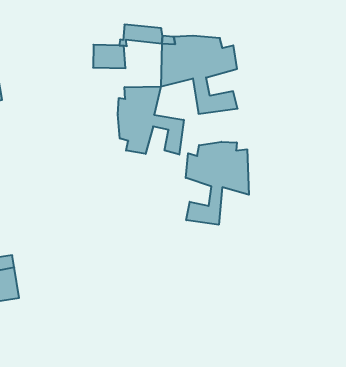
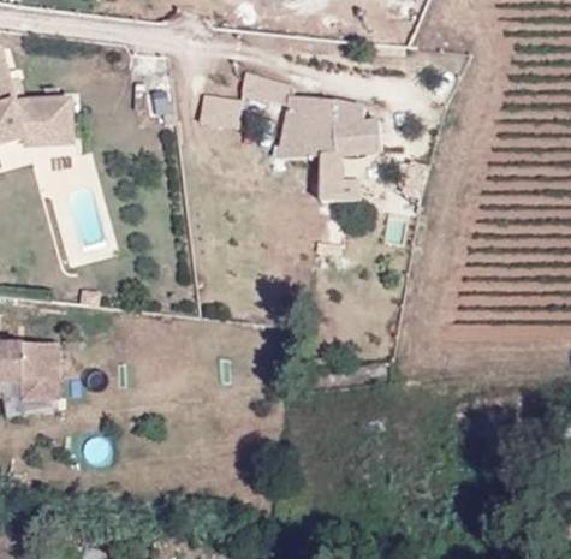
building: [118,86,184,155] -> none
building: [186,142,249,225] -> none

